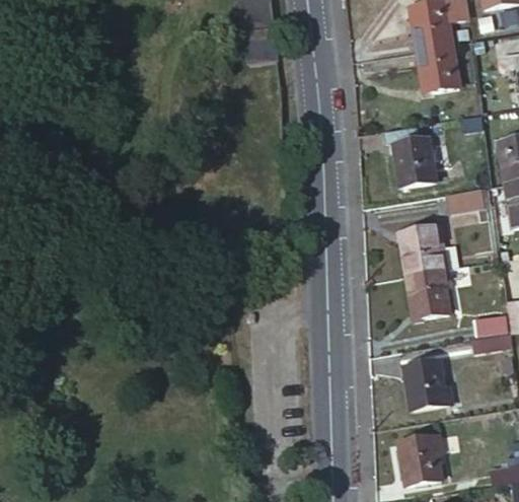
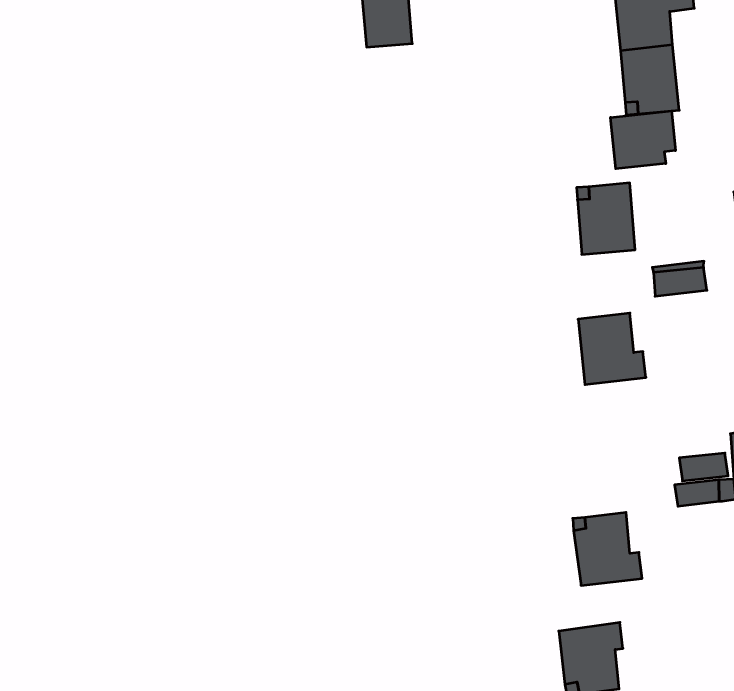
building: none -> [611,111,675,169]
building: [406,267,450,317] -> none

